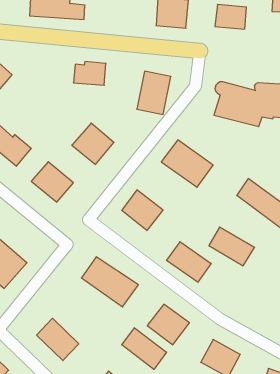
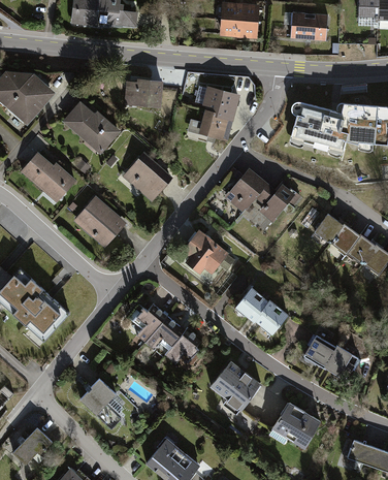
building: none -> [64,100,120,154]
building: [209,227,255,266] -> [304,332,358,378]
building: [122,328,167,369] -> none

